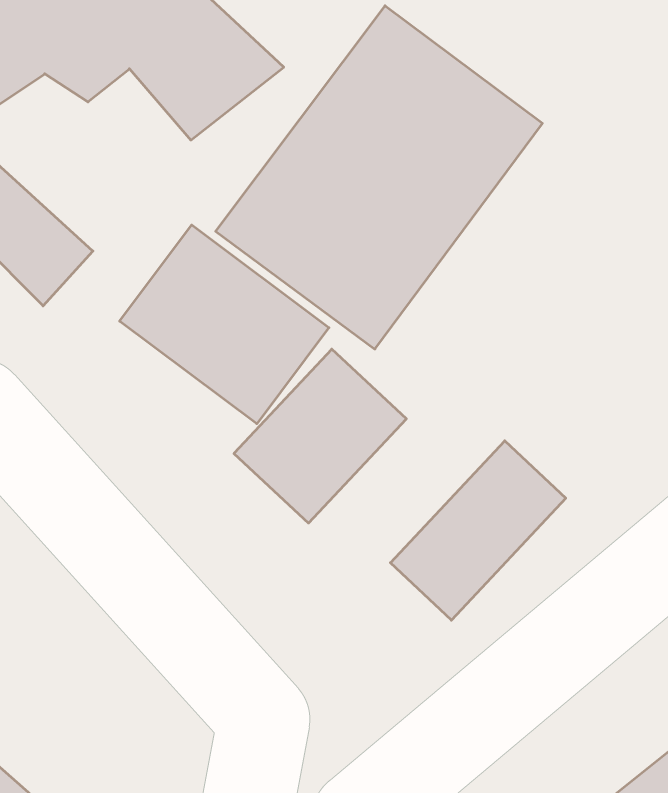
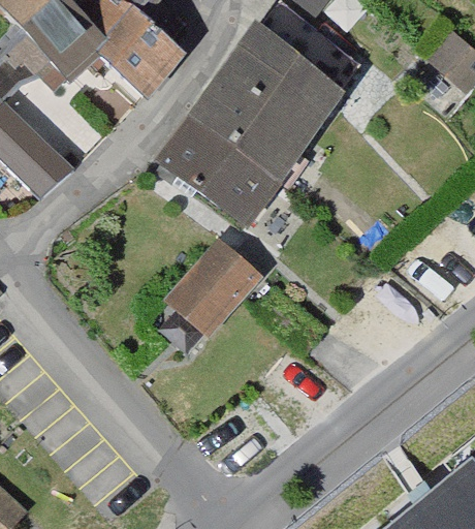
building: [120,225,329,424] -> none
building: [390,441,566,620] -> none

